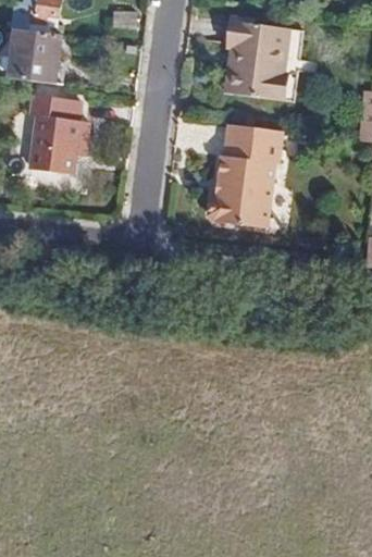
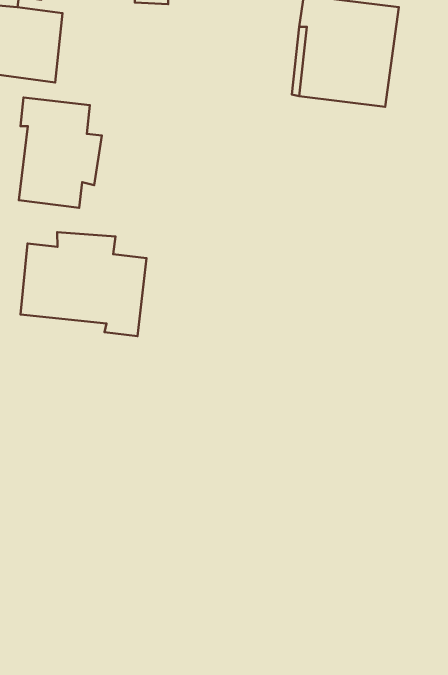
building: [209,123,283,226] -> none
building: none -> [20,232,146,336]

